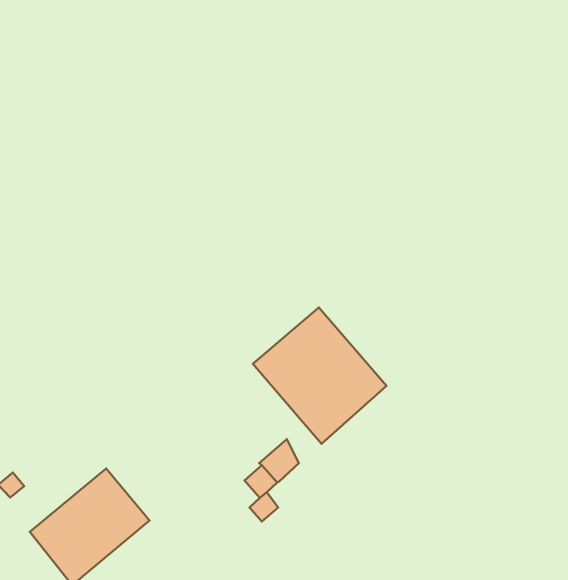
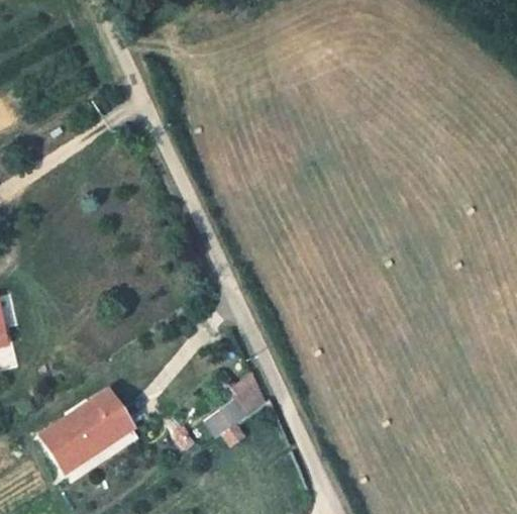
building: [253,308,386,444] -> none

